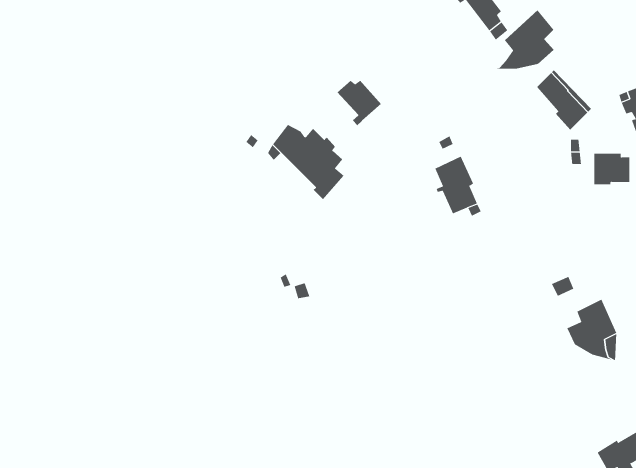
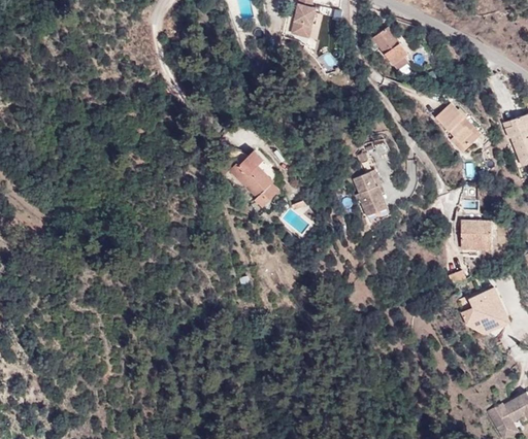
building: [490,10,554,70] -> none
building: [337,80,382,126] -> none
building: [593,153,630,185] -> [462,220,492,245]

